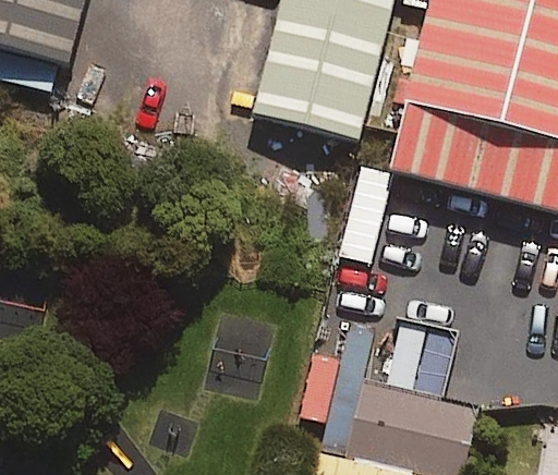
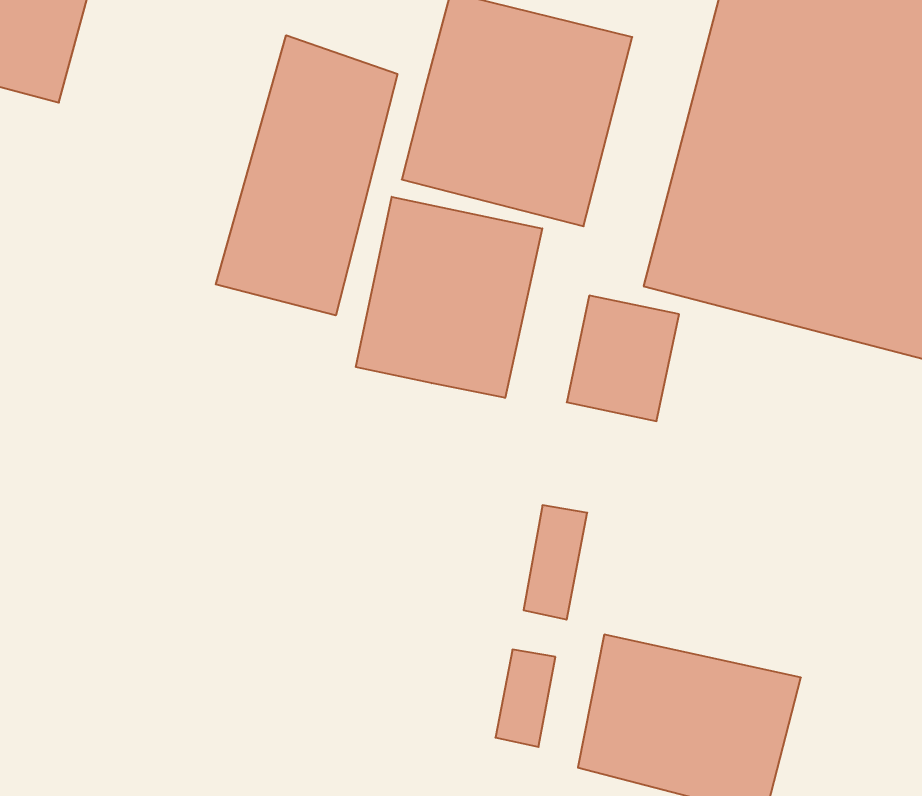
building: none -> [216,35,397,315]
building: none -> [356,197,542,398]

